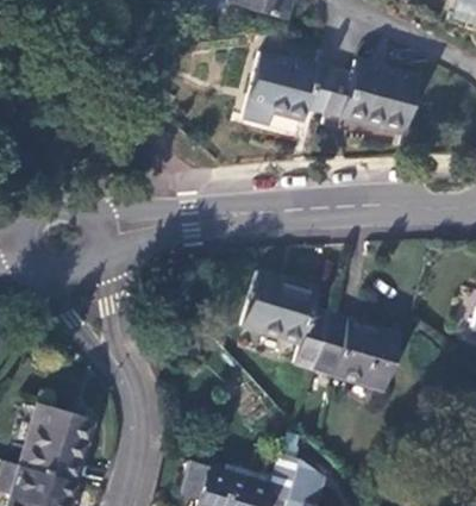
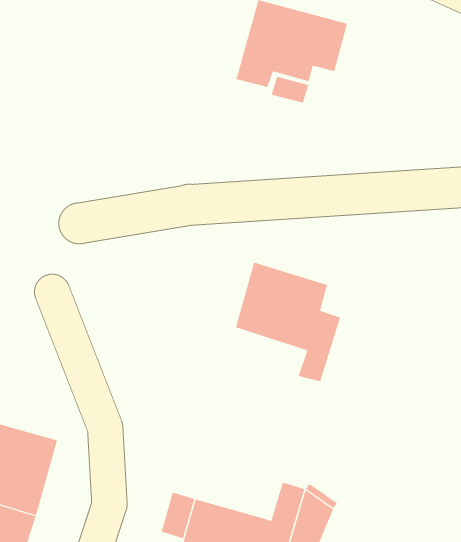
building: [325,61,420,135] -> none
building: [313,317,399,392] -> none

